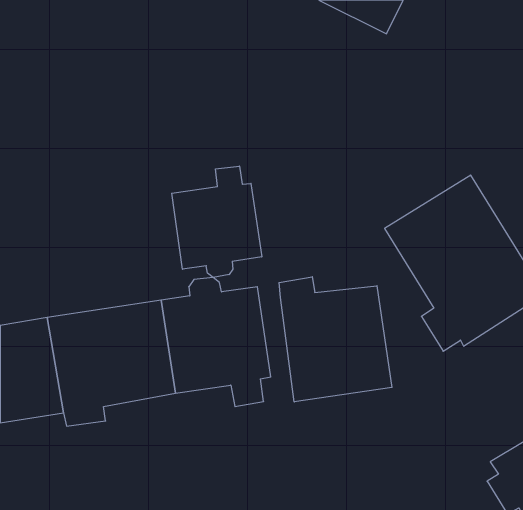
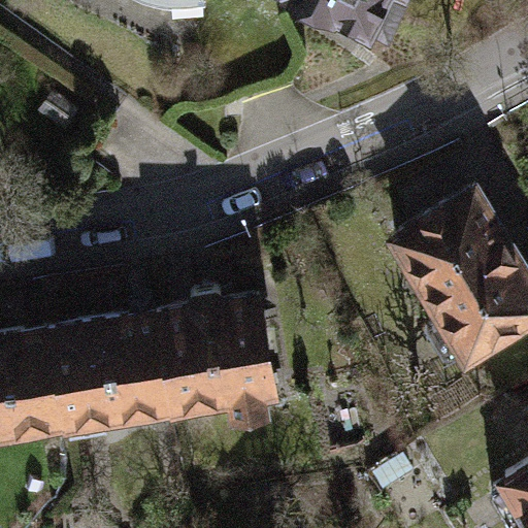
building: [172,166,262,278] -> none
building: [279,277,392,402] -> none

